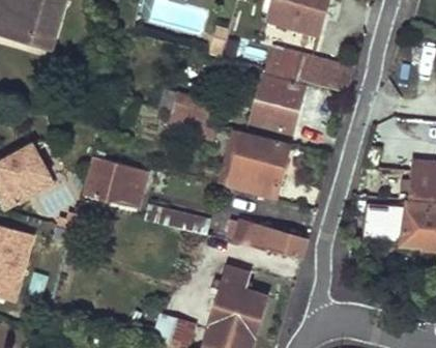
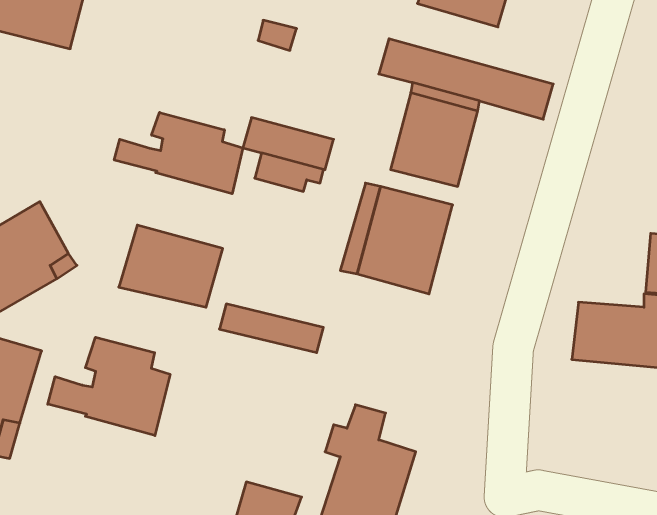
building: none -> [114,112,243,194]
building: [234,220,307,258] -> none
building: none -> [48,337,170,436]

